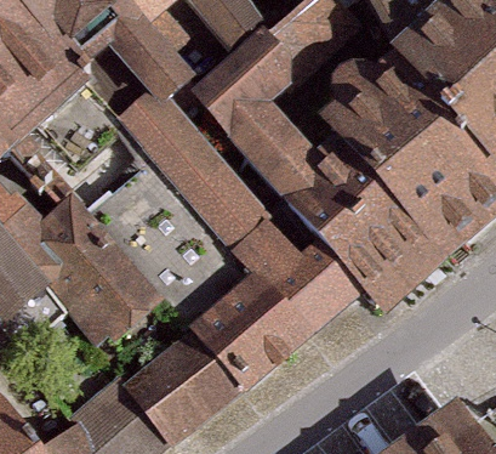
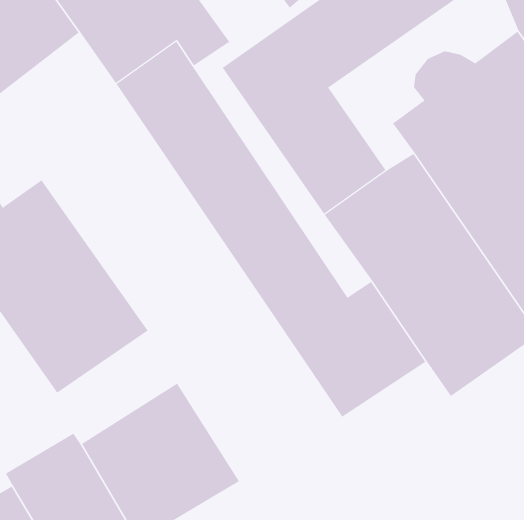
building: [187,274,308,393] -> none

